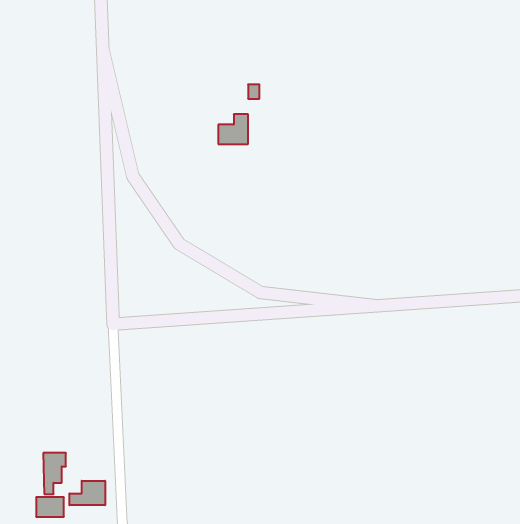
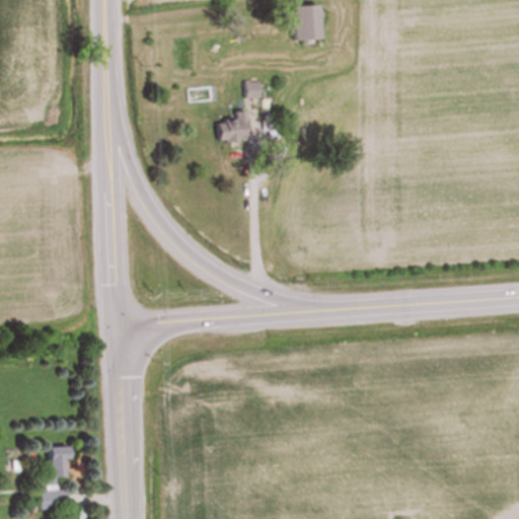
building: none -> [295,6,322,41]
building: [69,481,105,505] -> none

